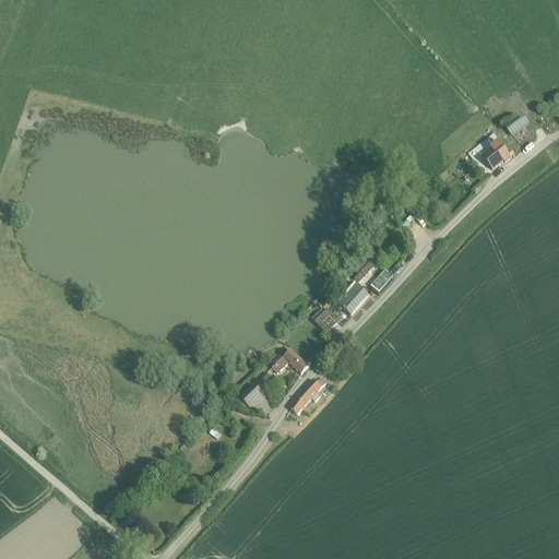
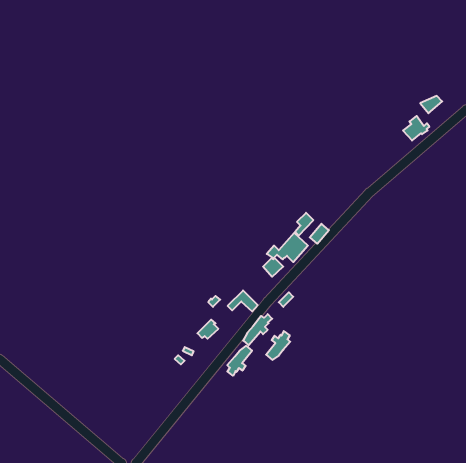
building: none -> [266,331,290,360]
building: none -> [227,346,252,376]

